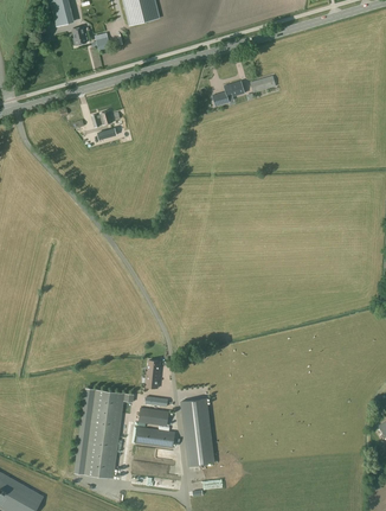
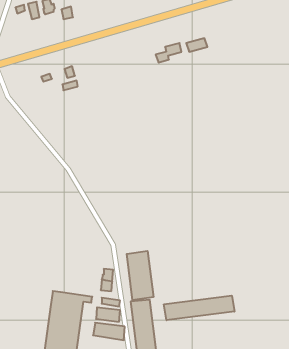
building: none -> [127,251,153,300]
building: none -> [164,296,234,320]

